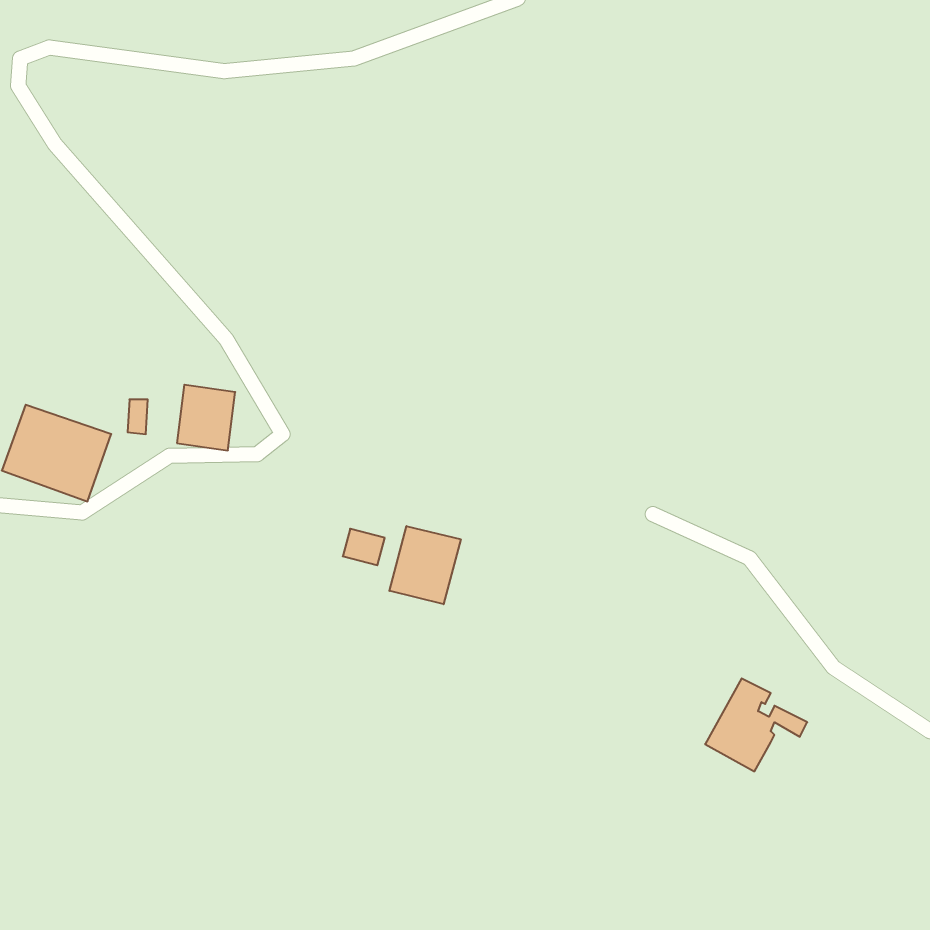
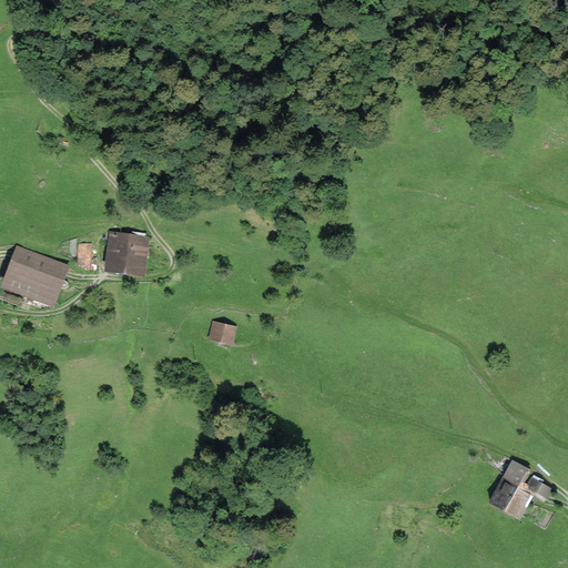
building: [389,526,461,604] -> none
building: [705,678,807,771] -> [488,462,550,518]

